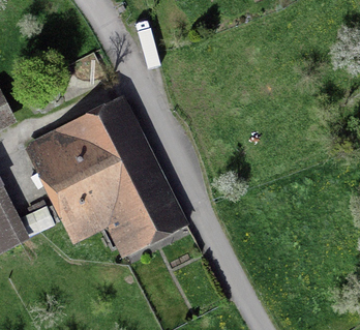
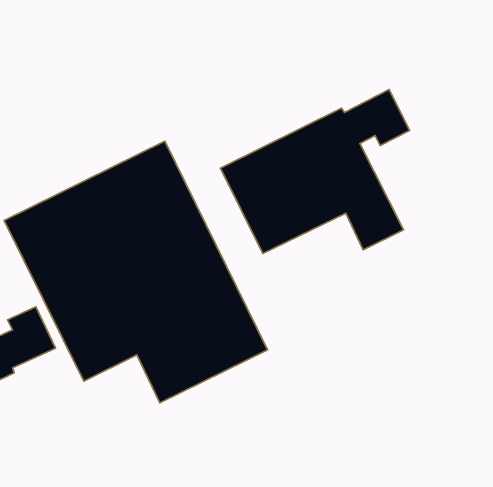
building: none -> [220,89,410,254]

